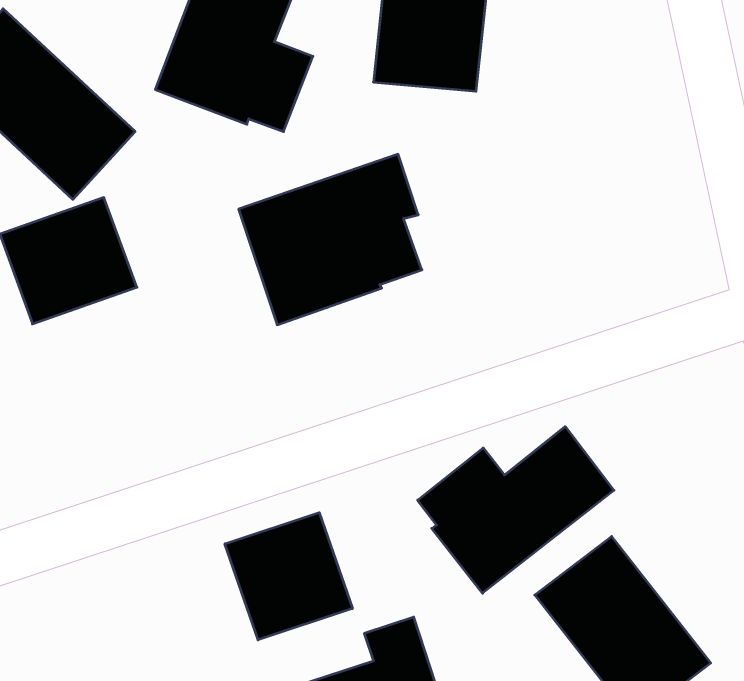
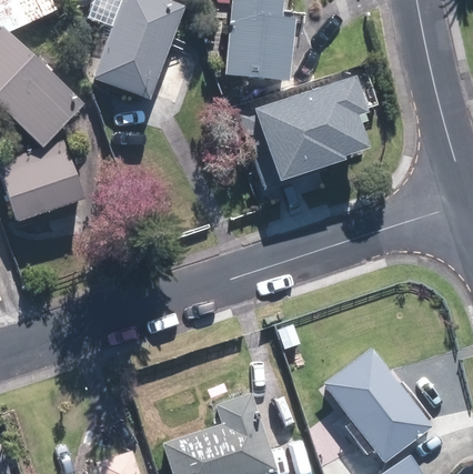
building: [239,154,422,325] -> [253,80,364,183]
building: [418,427,614,593] -> none
building: [225,513,352,640] -> none

